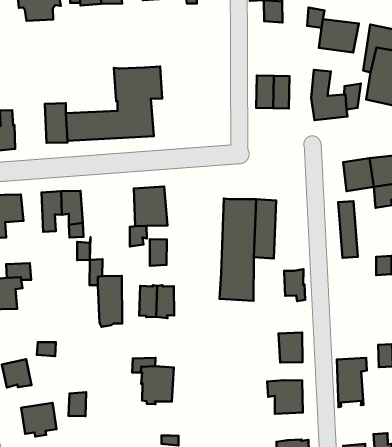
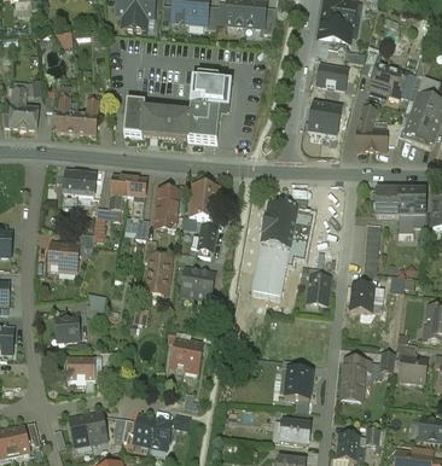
building: none -> [316,64,347,89]
building: none -> [155,190,178,229]
building: [278,333,303,363] -> [350,282,373,310]

